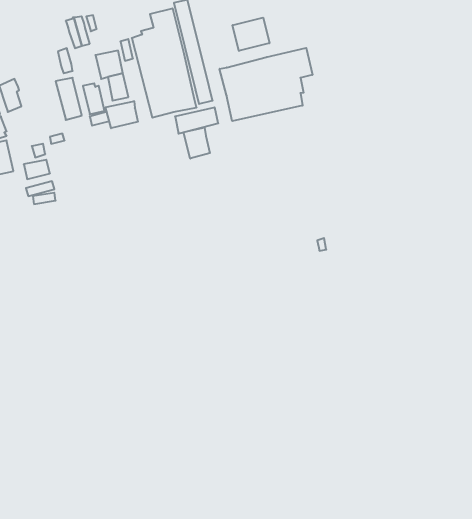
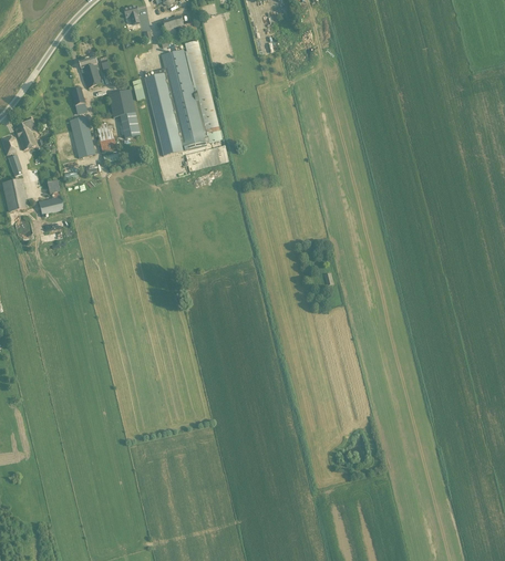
building: [233,18,269,51] -> none
building: [220,48,312,121] -> none
building: [106,101,138,128] -> none
building: [183,127,210,159] -> none

